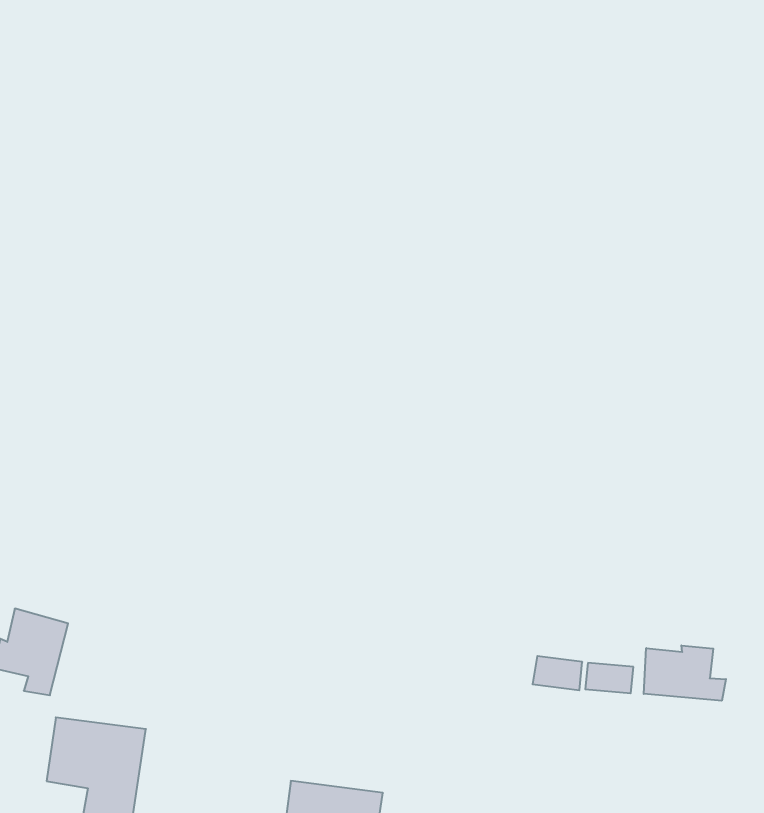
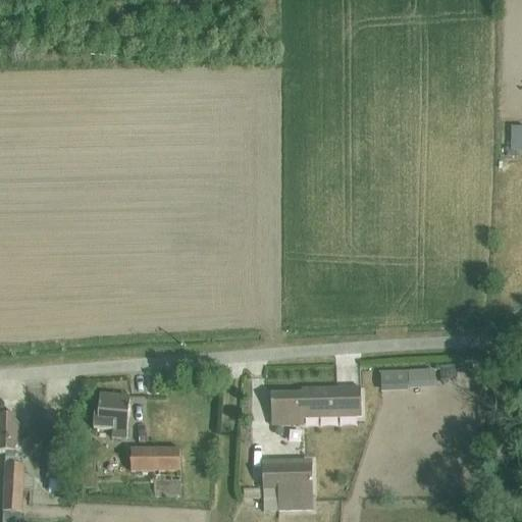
building: [644,645,726,701] -> none
building: none -> [270,385,360,425]

